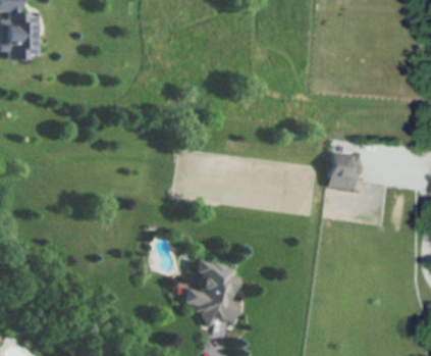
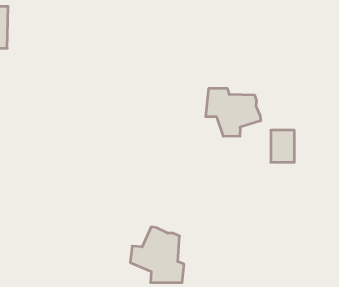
building: none -> [206,88,261,136]

